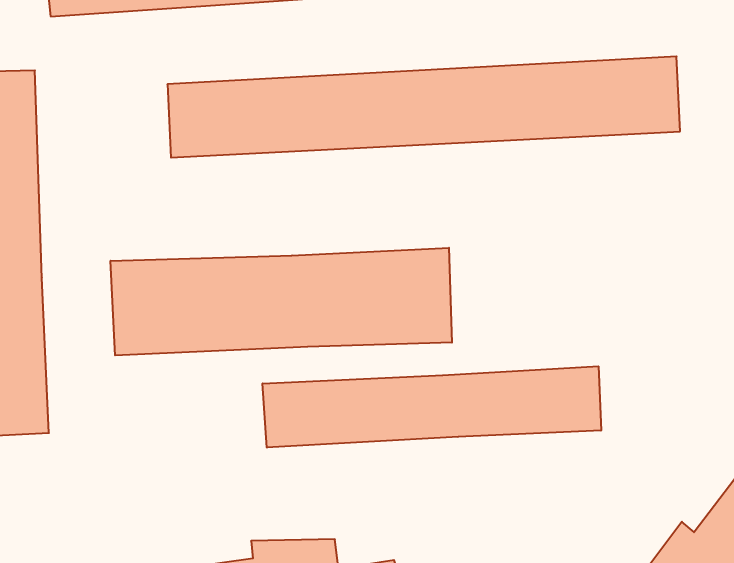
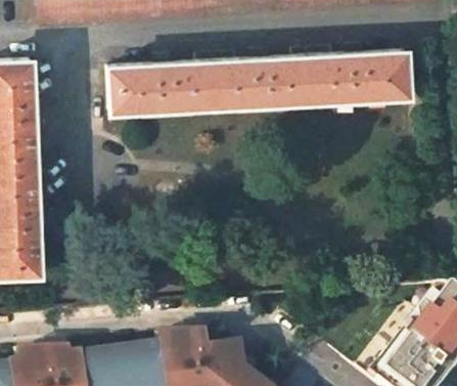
building: [111,248,452,355] -> none
building: [263,366,601,448] -> none

